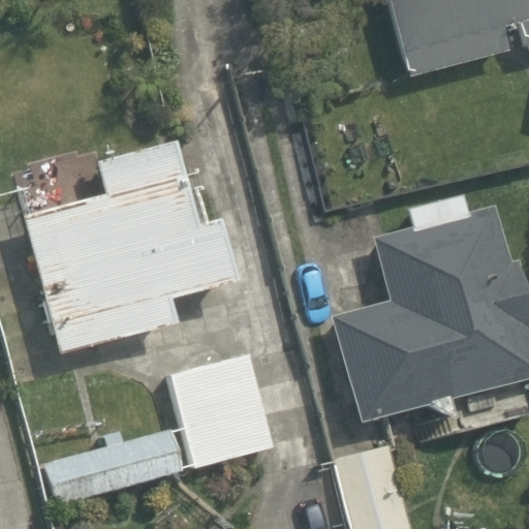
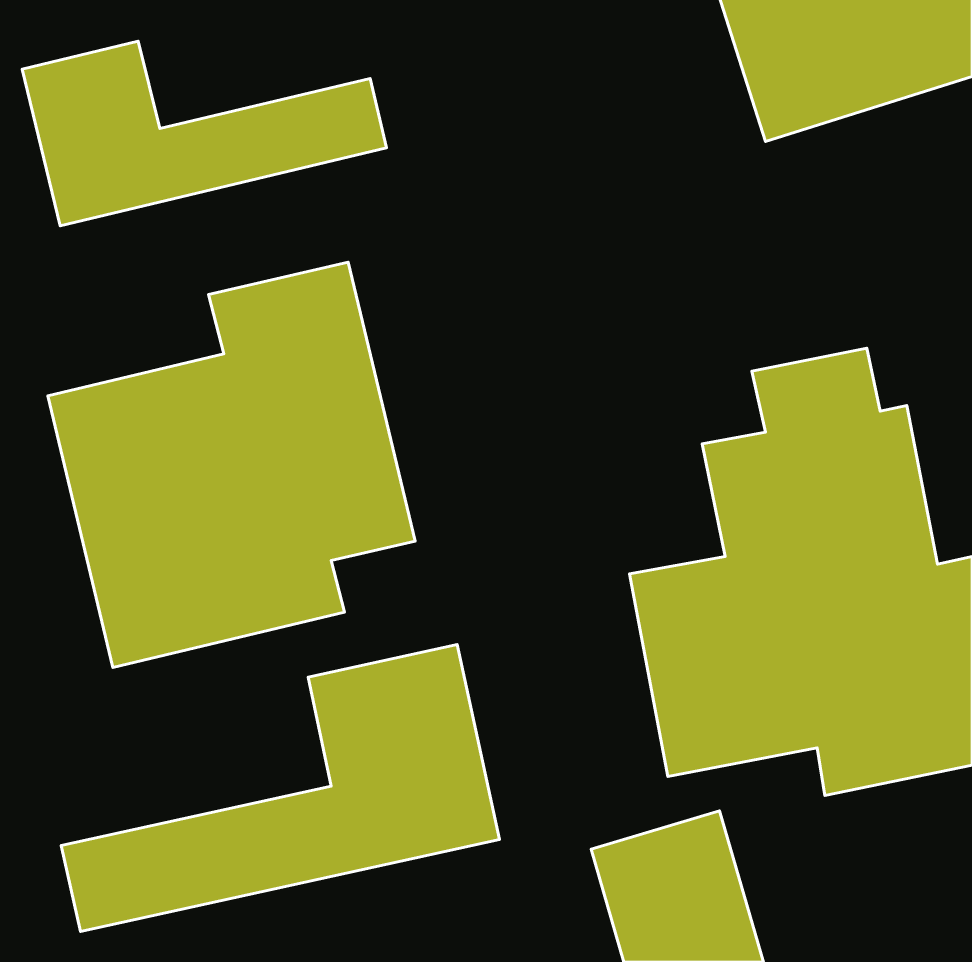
building: none -> [22,41,386,226]

